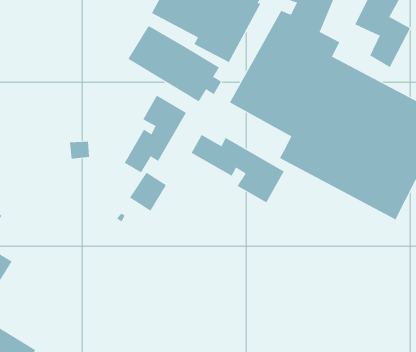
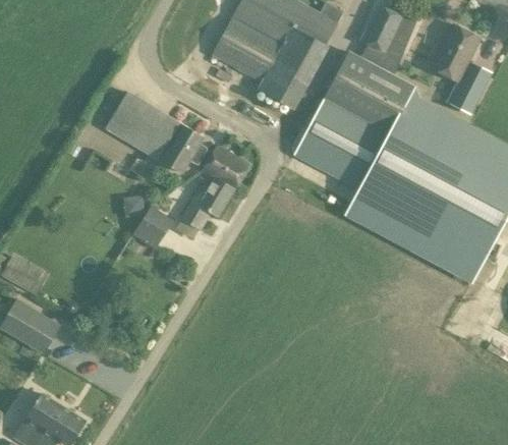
building: [127,25,222,102] -> [104,92,206,175]
building: [191,134,284,203] -> none
building: [129,172,167,212] -> [133,206,174,248]

